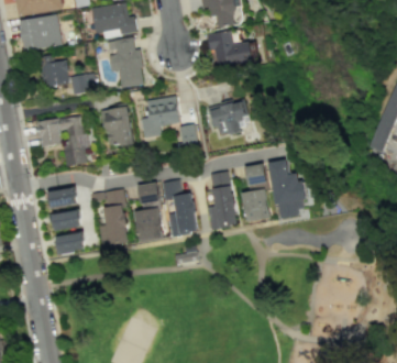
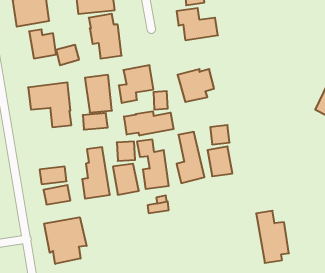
building: none -> [124,111,174,136]
building: [268,160,306,219] -> [256,211,289,263]
building: [48,189,77,208] -> [83,113,108,130]
building: none -> [44,217,87,264]

